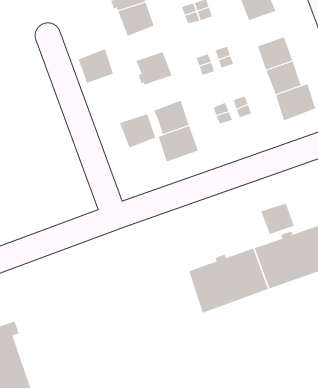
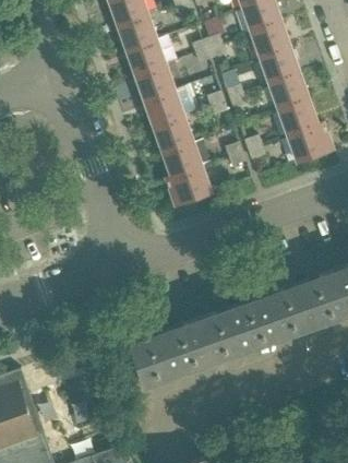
building: none -> [263,51,300,87]
building: [78,48,114,83] -> [137,67,175,103]
building: [119,113,156,148] -> [155,118,193,154]
building: [261,203,295,235] -> none
building: none -> [132,320,215,388]

